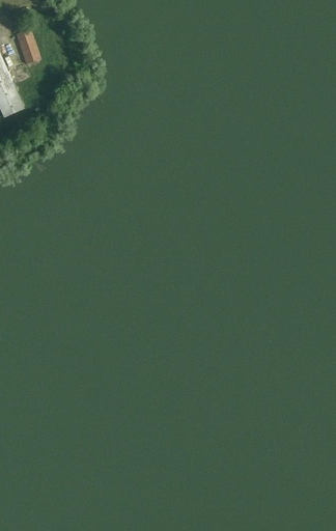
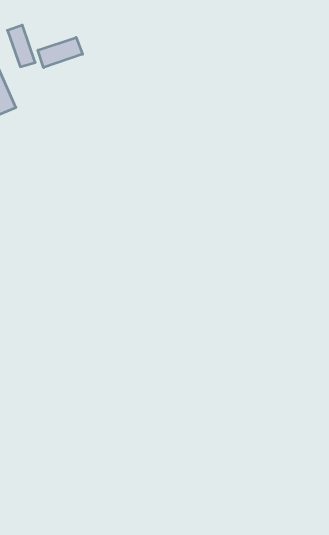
building: none -> [38,37,83,68]

